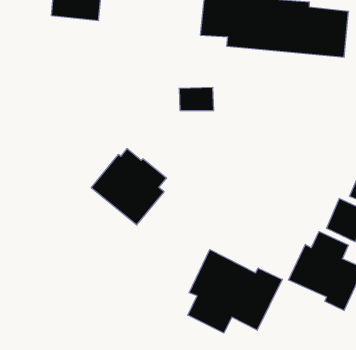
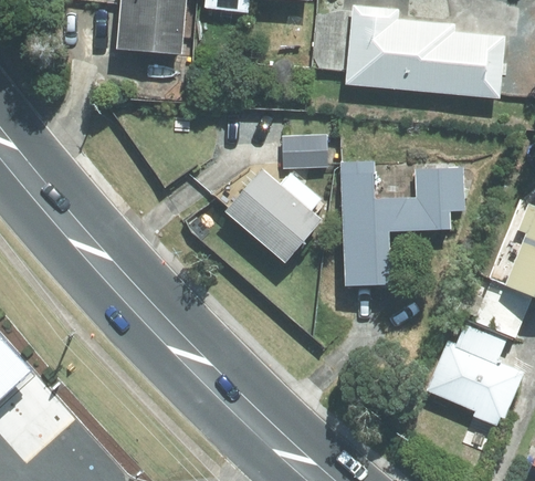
building: none -> [340,150,464,281]
building: [91,149,167,225] -> [223,160,322,260]
building: [188,250,282,333] -> none

